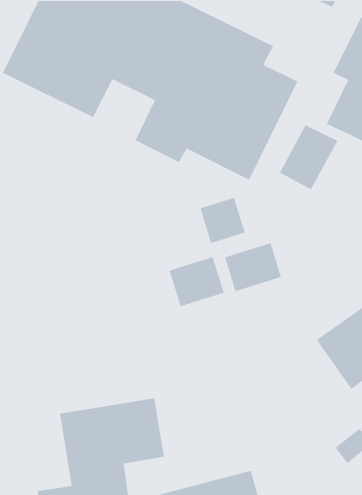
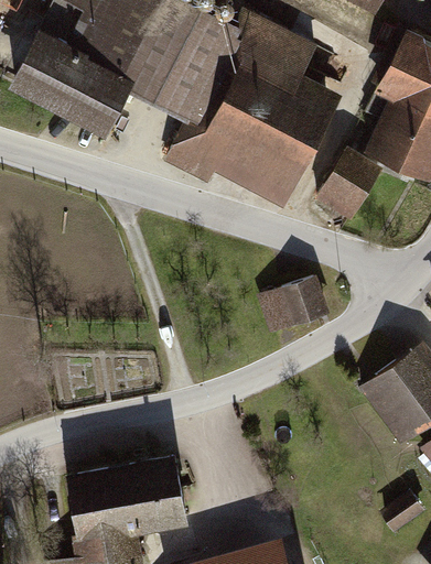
building: [199,197,246,244] -> none
building: [168,256,225,307] -> none

